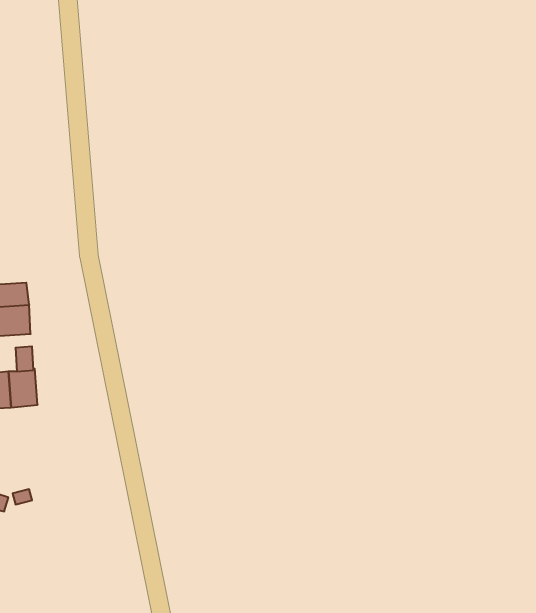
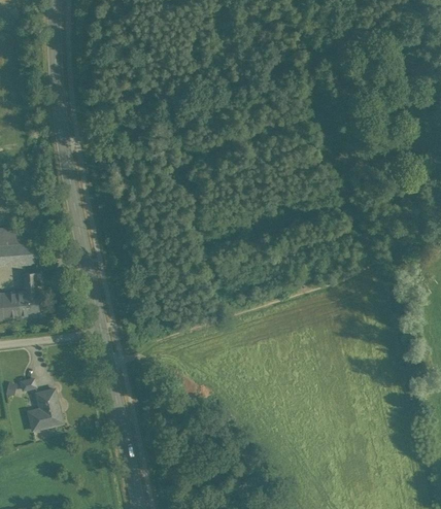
building: none -> [26,391,60,432]

